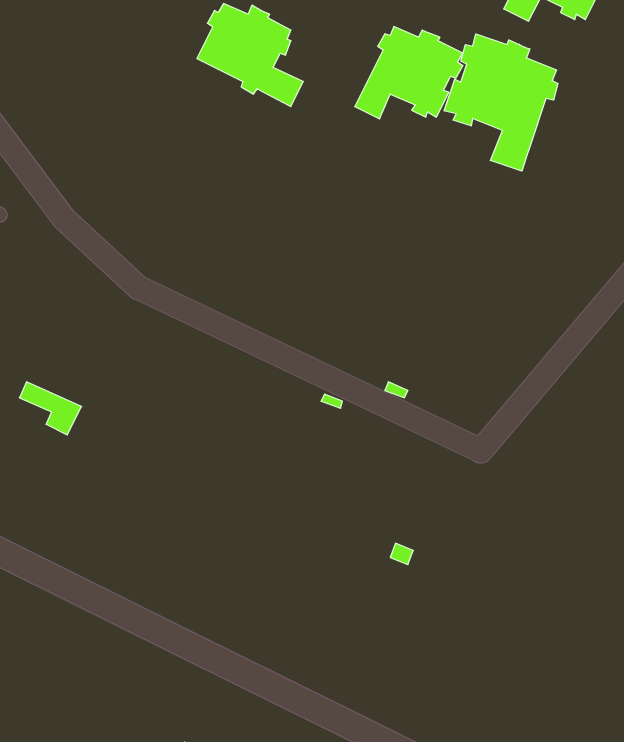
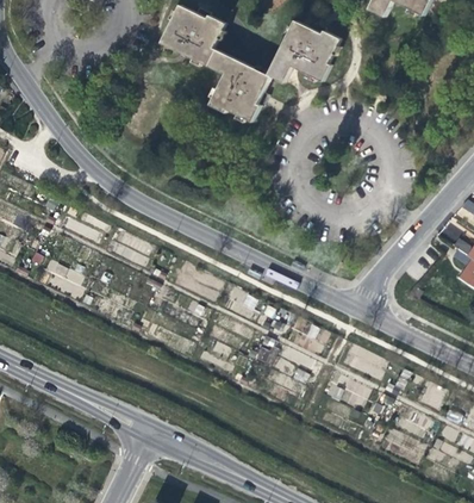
building: [444,34,558,171] -> none
building: none -> [208,57,269,122]

